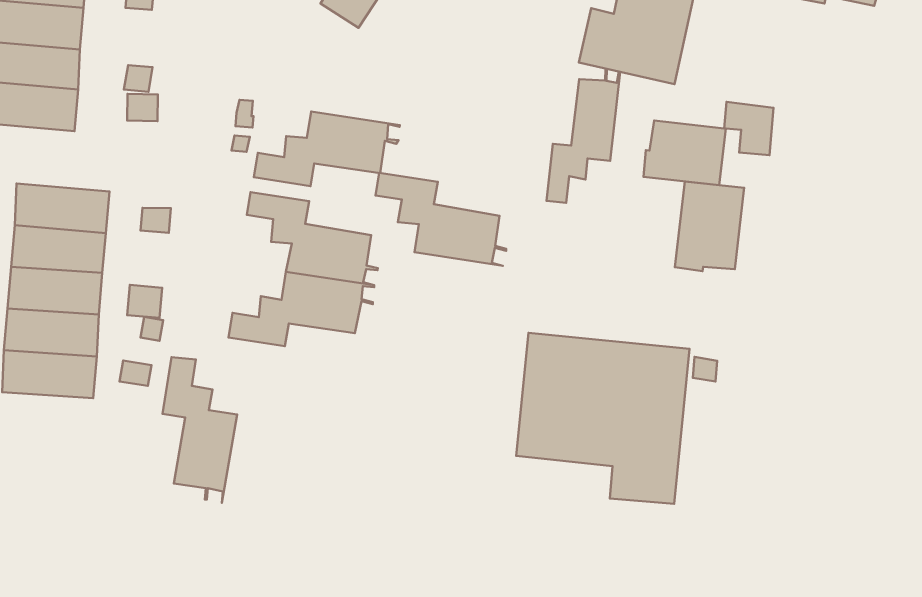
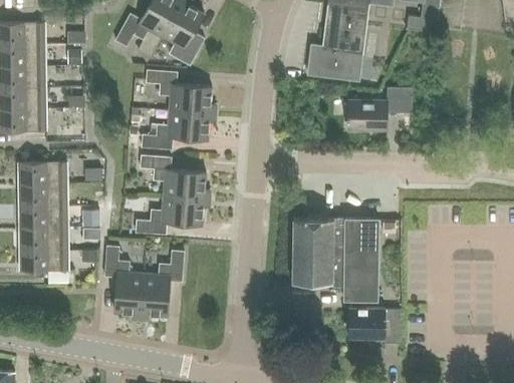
building: [547,69,620,203] -> none
building: [375,173,506,266] -> [146,71,217,114]
building: [675,182,744,271] -> none
building: none -> [140,251,184,322]
building: none -> [347,308,399,343]

